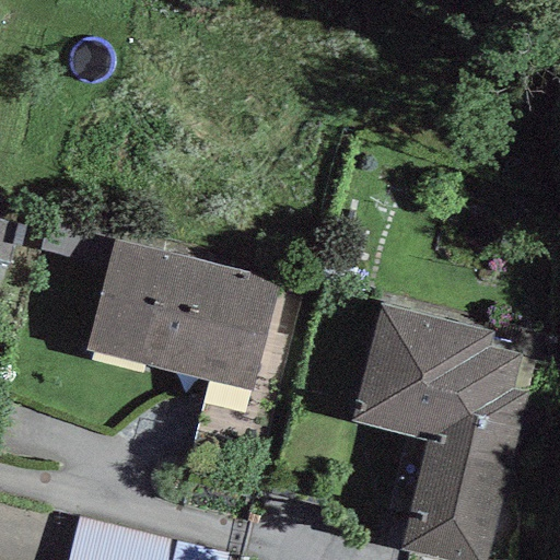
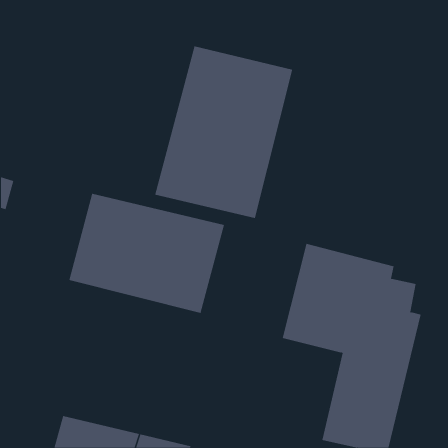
building: none -> [154,46,293,219]

